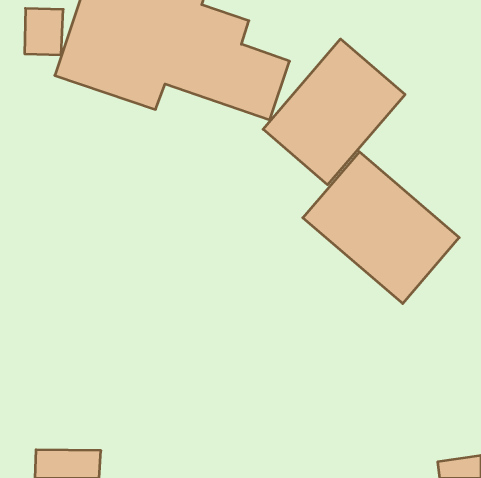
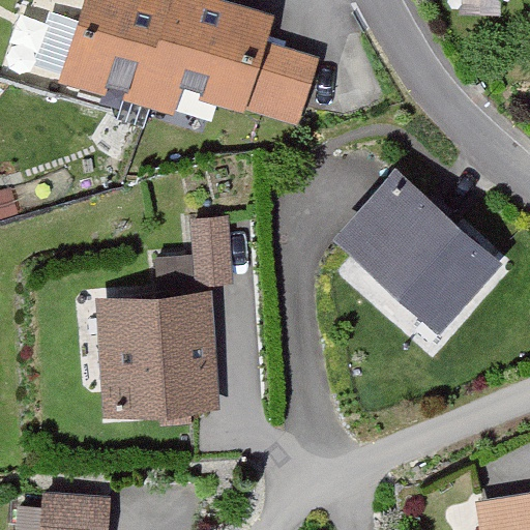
building: [263,39,405,185] -> none
building: none -> [96,217,233,421]

